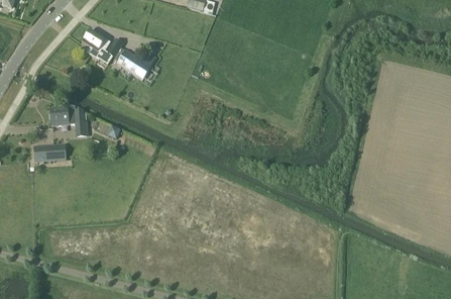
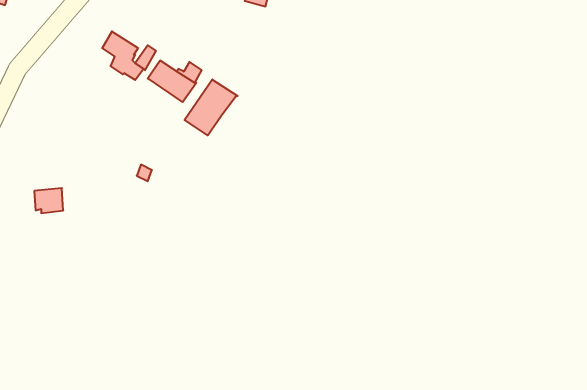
building: none -> [185,79,238,135]
building: [49,104,85,125] -> none

